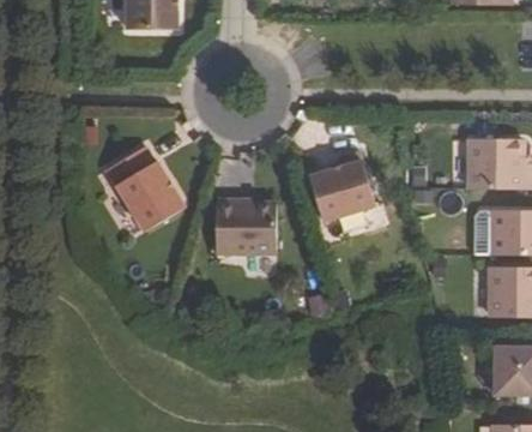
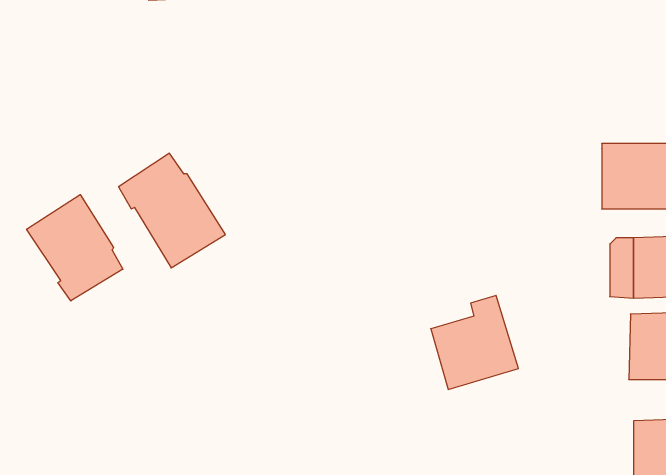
building: [309,151,375,222] -> [431,295,518,389]
building: none -> [27,195,123,301]
building: [217,199,278,253] -> none

